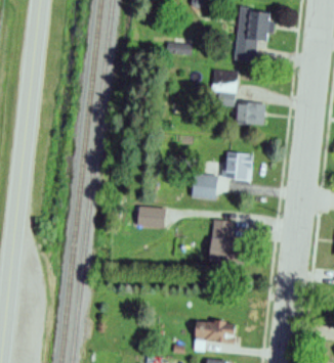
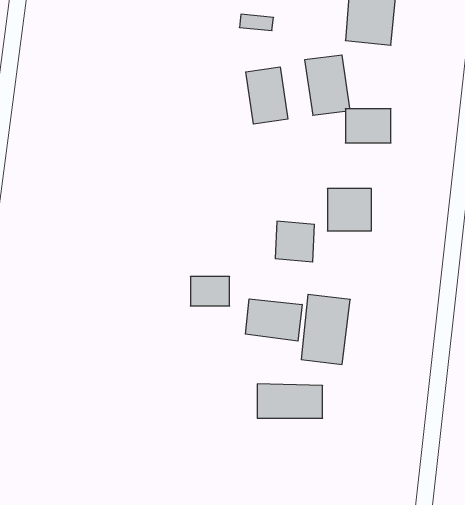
building: none -> [246,67,288,124]
building: none -> [245,299,302,341]
building: [194,319,235,341] -> [257,384,323,418]

